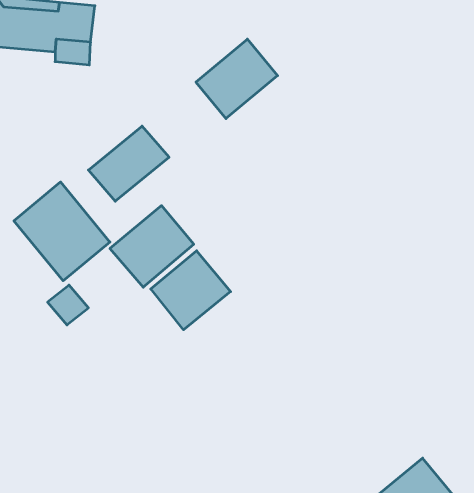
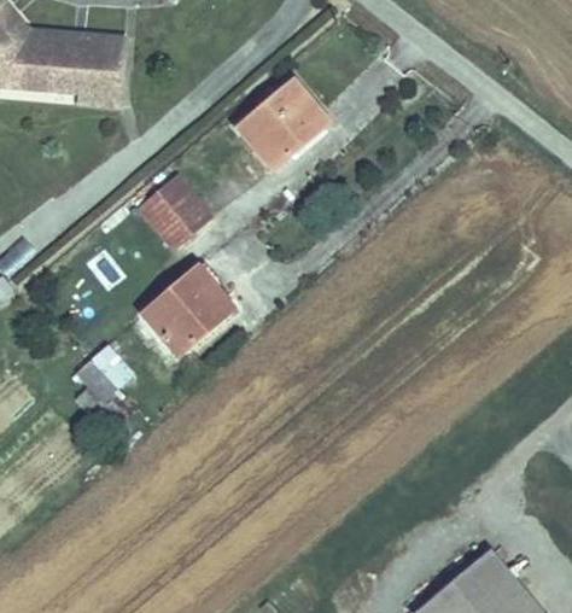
building: [14,182,110,281] -> none
building: [151,251,231,330] -> none

